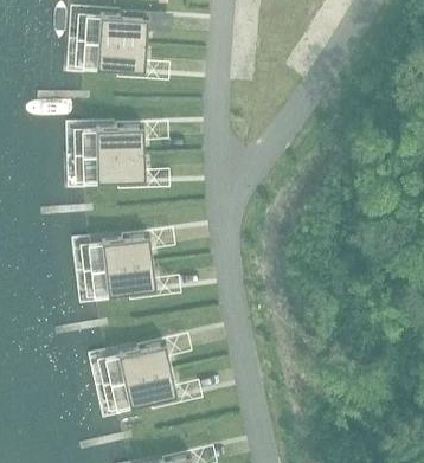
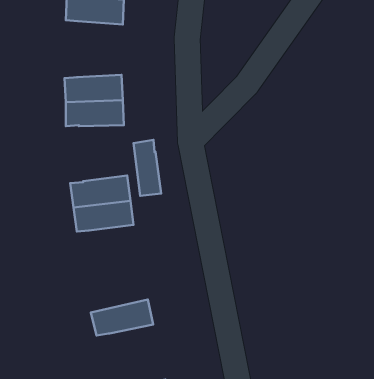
building: none -> [134,140,161,196]
building: [103,343,169,384] -> none

